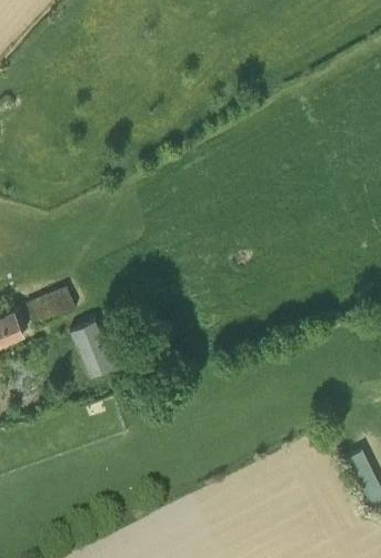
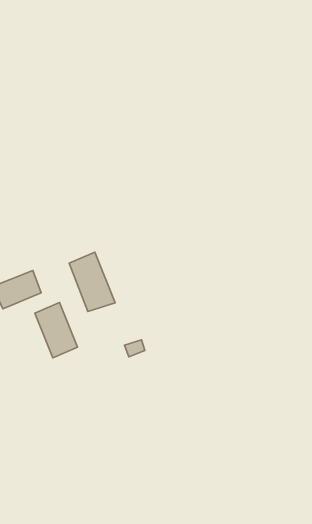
building: none -> [69,252,115,311]

